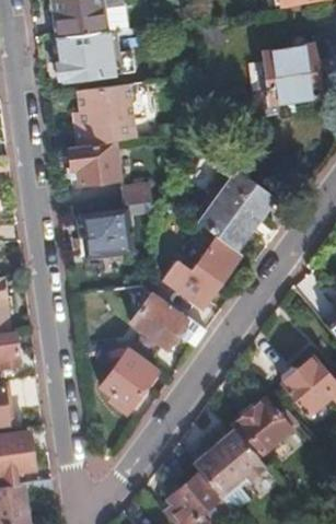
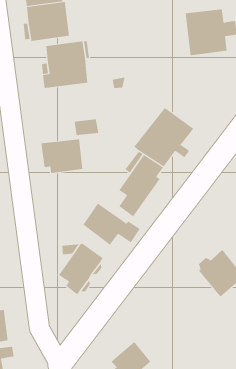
building: [66,141,117,184] -> none
building: [233,400,298,461] -> none
building: [192,442,246,497] -> none

